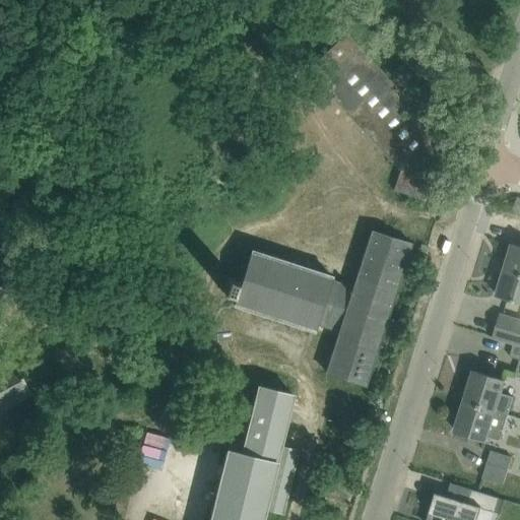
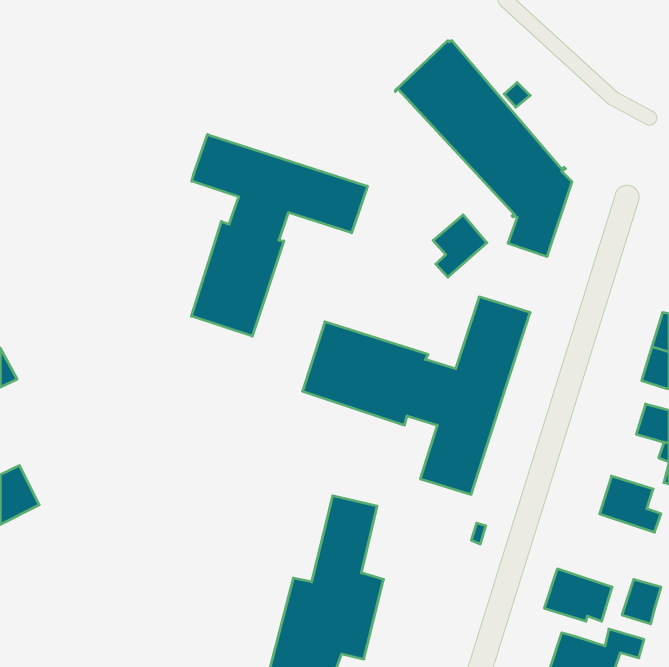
building: none -> [191,134,367,336]
building: none -> [433,215,487,277]
building: [455,400,508,441] -> [544,569,612,621]

